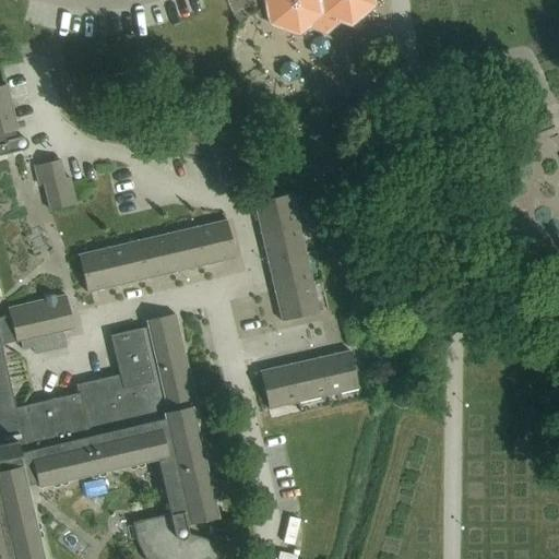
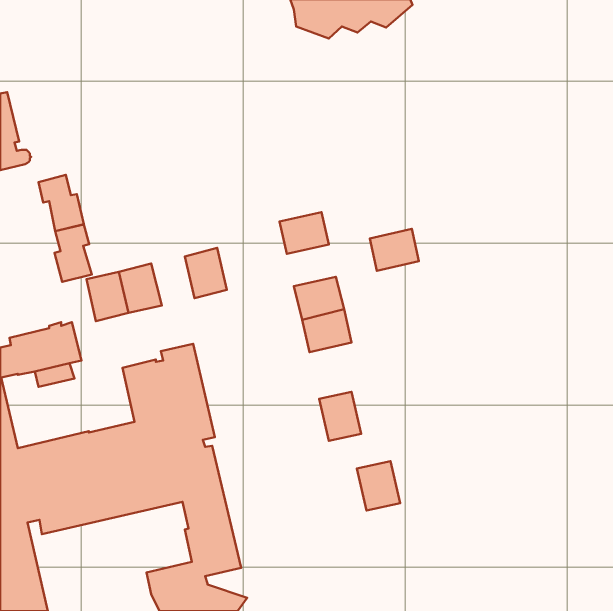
building: none -> [54,224,92,282]
building: [198,219,236,264] -> none
building: [261,223,306,261] -> [370,229,419,271]
building: [138,234,177,278] -> none
building: [320,350,359,395] -> [357,461,400,510]
building: [261,364,299,408] -> none

